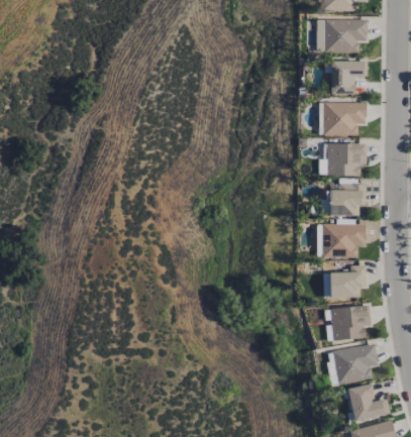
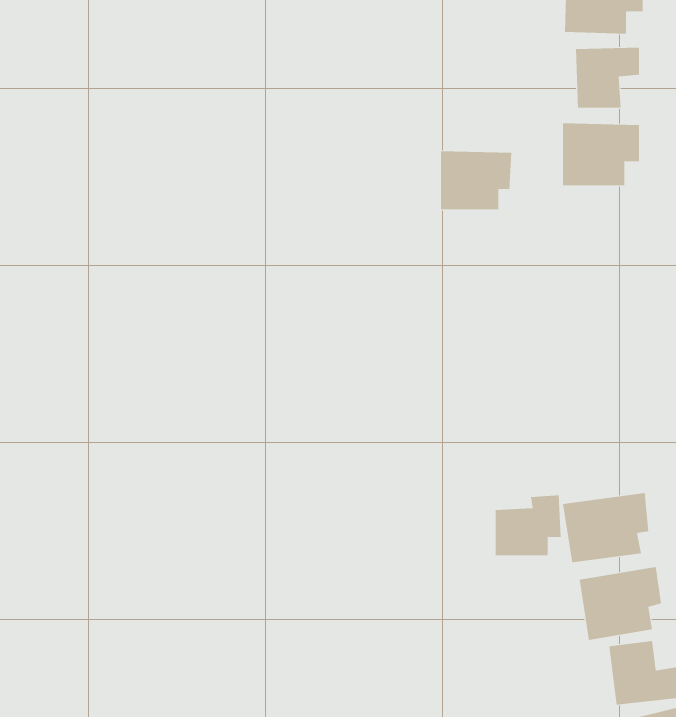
building: [327,143,367,176] -> [440,151,512,210]
building: [330,184,367,216] -> none
building: [322,224,366,257] -> none
building: [330,264,367,298] -> [495,495,561,556]

